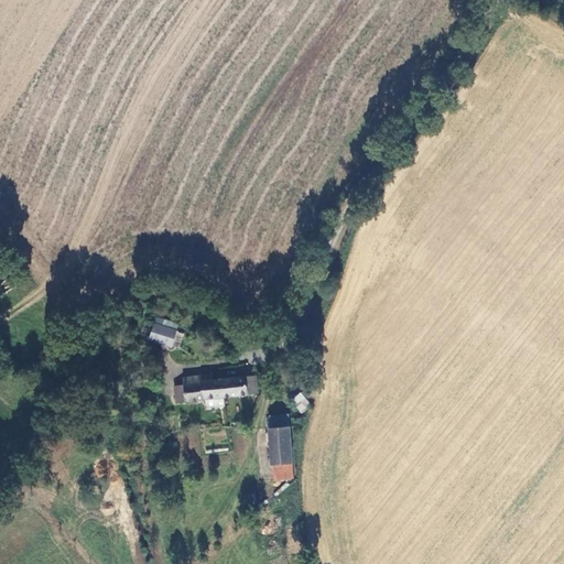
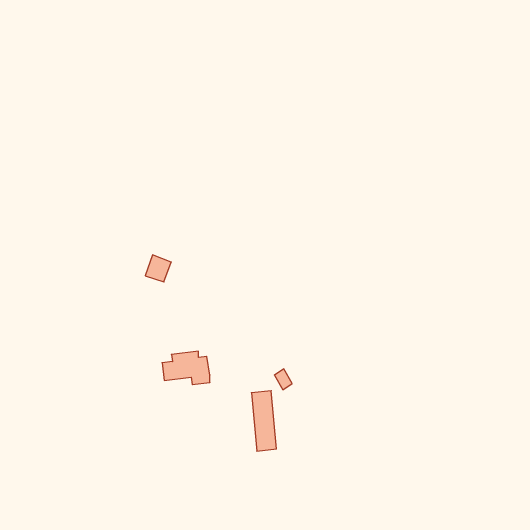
building: [149,317,176,346] -> [145,255,171,282]
building: [219,376,256,399] -> none

